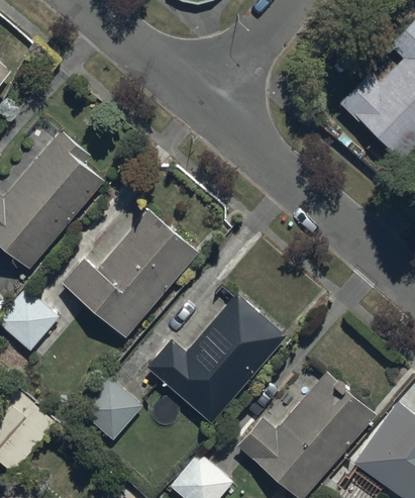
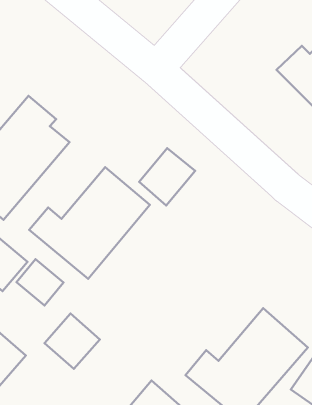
building: none -> [139,148,195,206]
building: [149,295,286,423] -> none
building: none -> [16,259,64,305]

